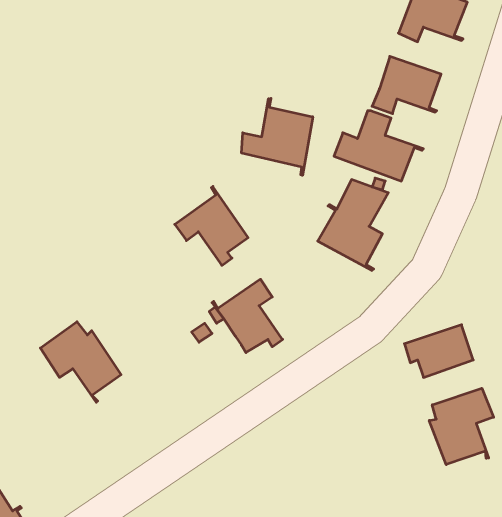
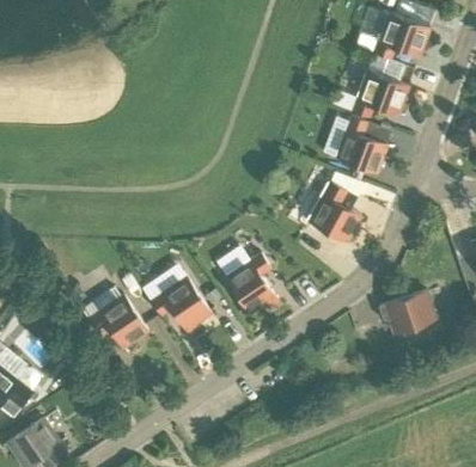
building: [242,98,313,175] -> none
building: [175,186,248,265] -> [151,271,210,336]
building: [429,388,494,465] -> none

